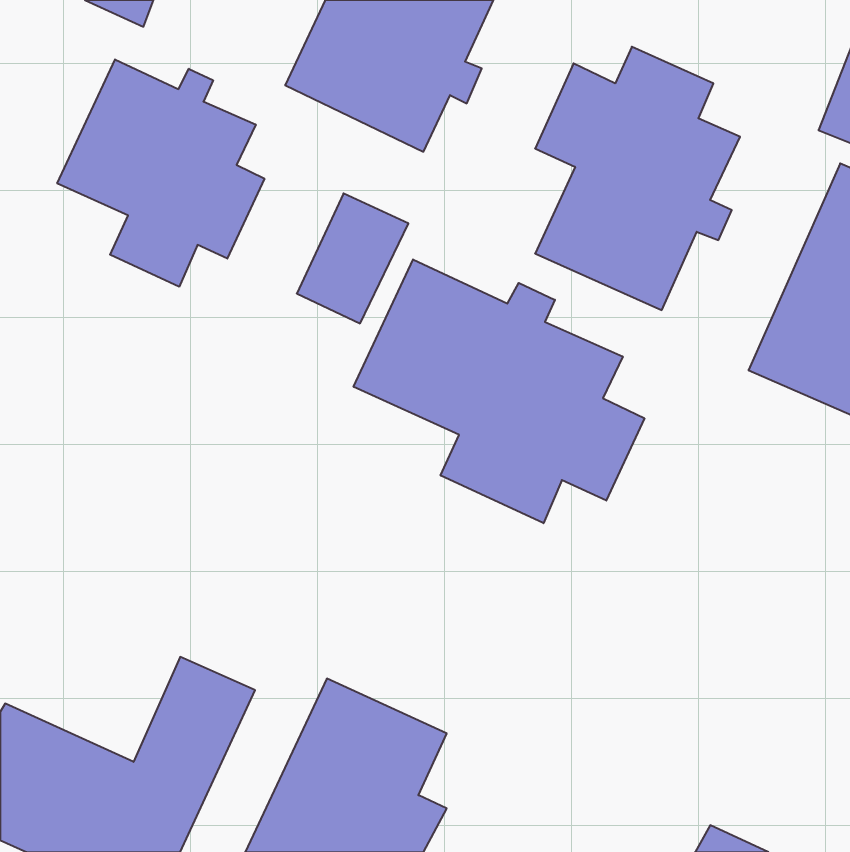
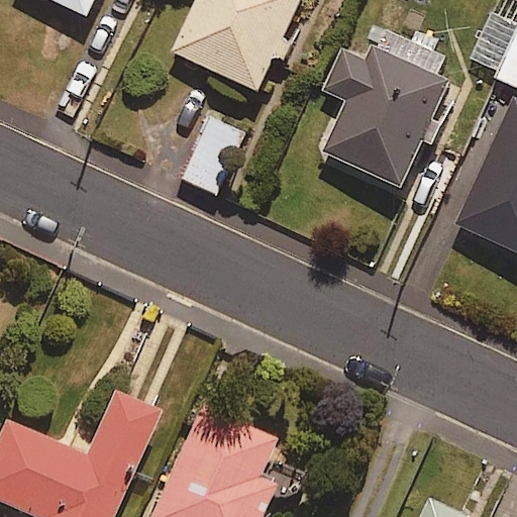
building: [57,59,264,287] -> none
building: [354,259,644,523] -> none

